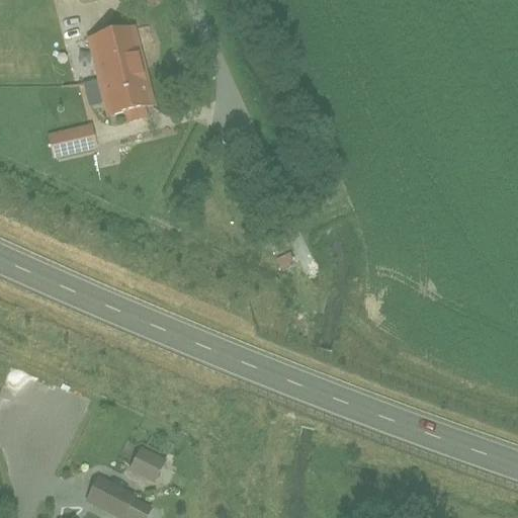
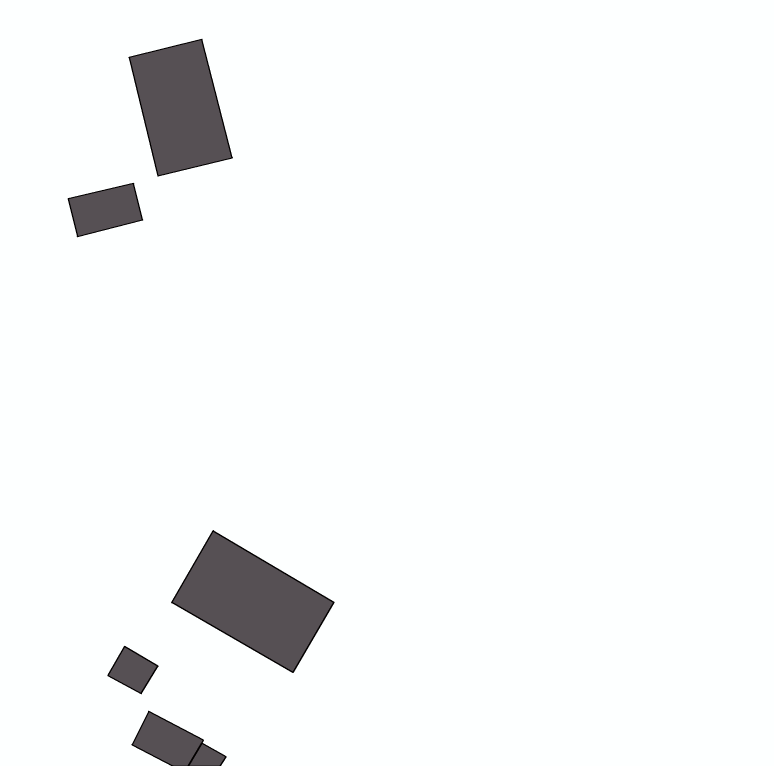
building: none -> [172,531,334,672]
building: [131,446,164,478] -> [108,647,158,694]

